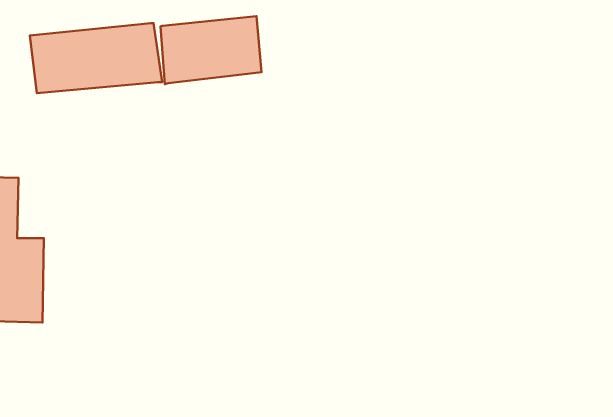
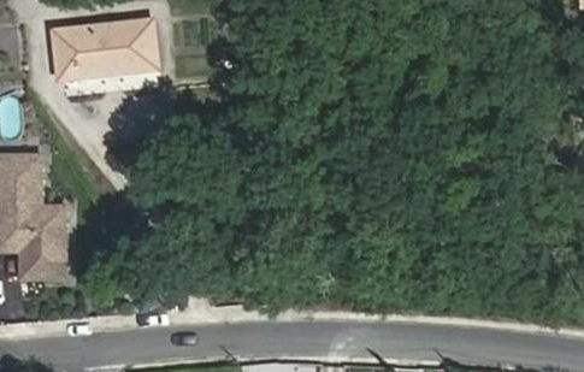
building: [161,16,262,84] -> none

